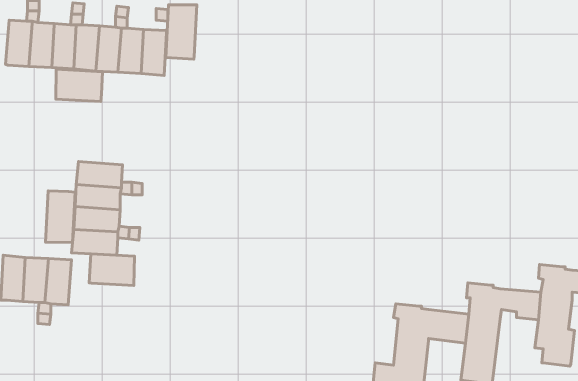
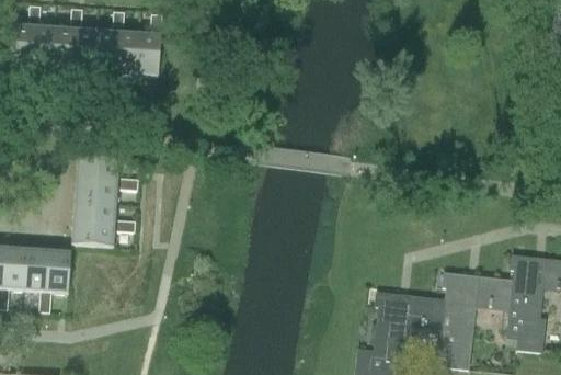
building: [166,5,197,59] -> none
building: [56,69,102,101] -> none
building: [46,191,75,242] -> none
building: [89,254,134,285] -> none

